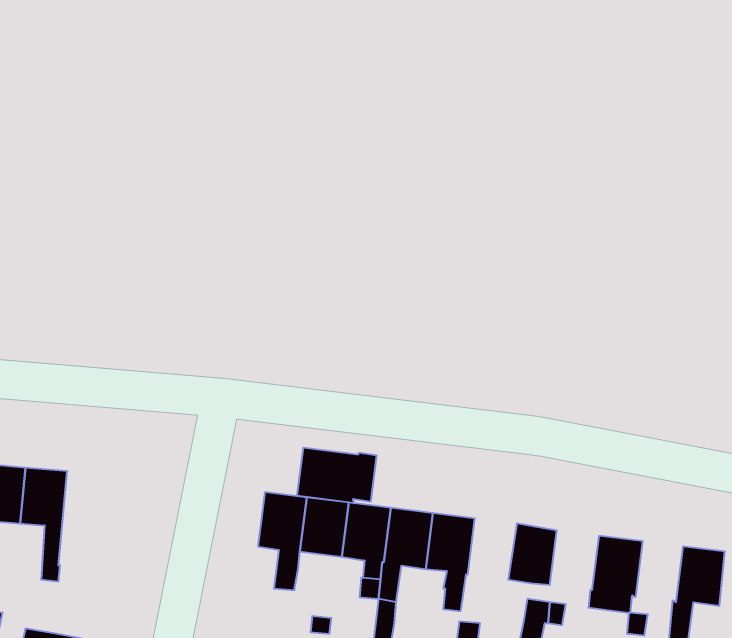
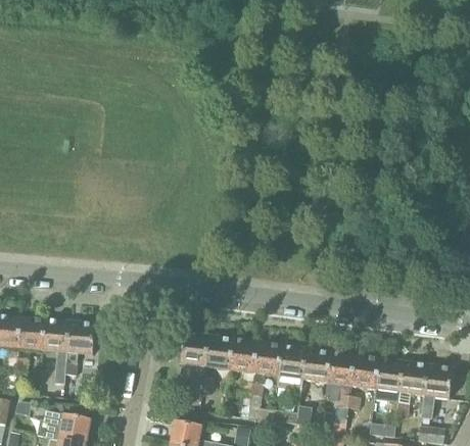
building: [297,448,376,503] -> none
building: none -> [64,320,95,377]
building: none -> [303,348,332,384]
building: none -> [351,355,380,390]
building: none -> [402,361,429,397]

